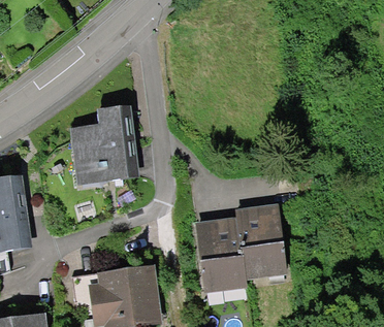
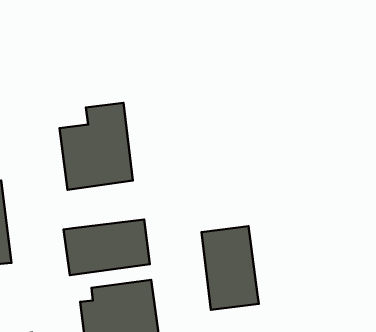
building: [237,203,289,279] -> none
building: none -> [64,220,150,275]

